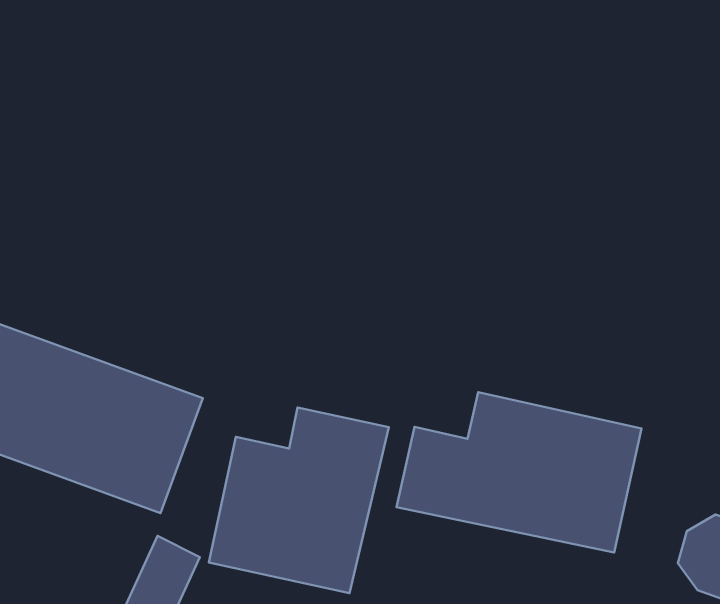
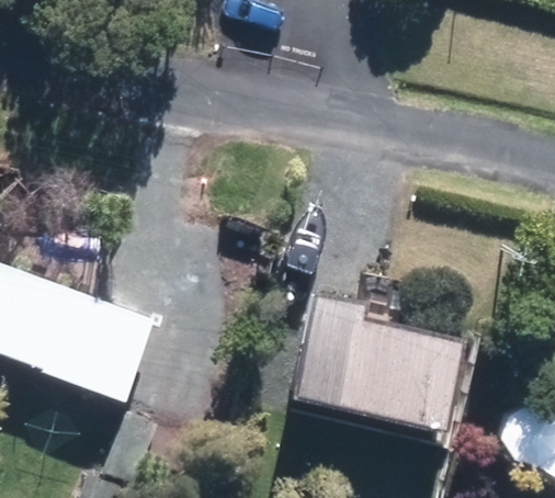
building: [209,408,389,593] -> none

